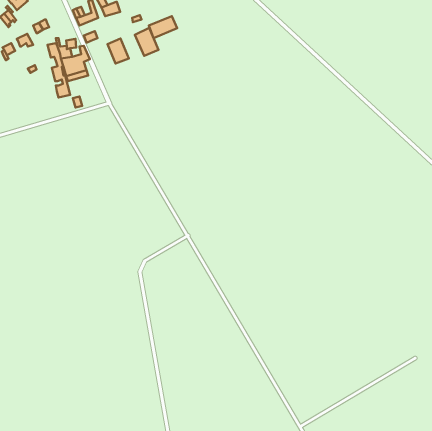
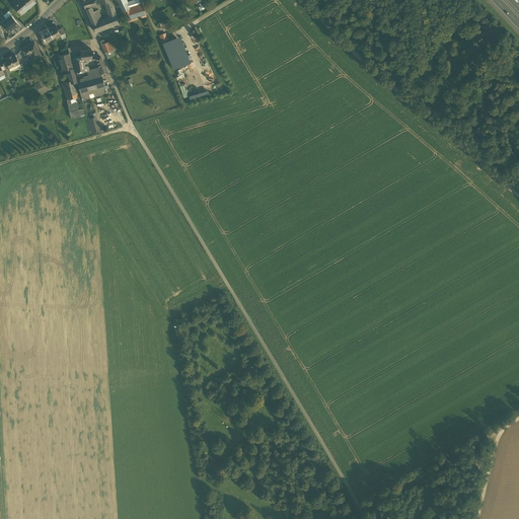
building: [149,16,177,38] -> none
building: [107,38,129,64] -> none

